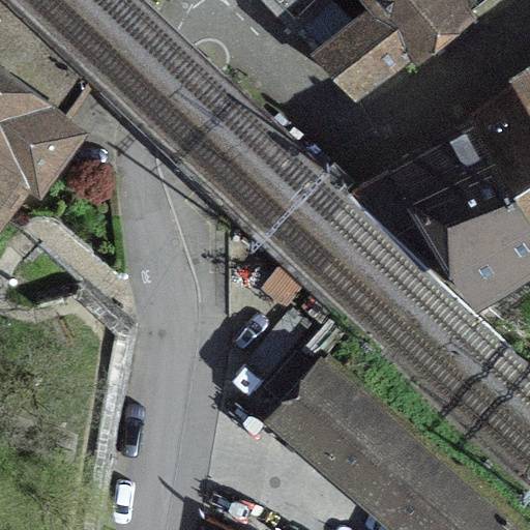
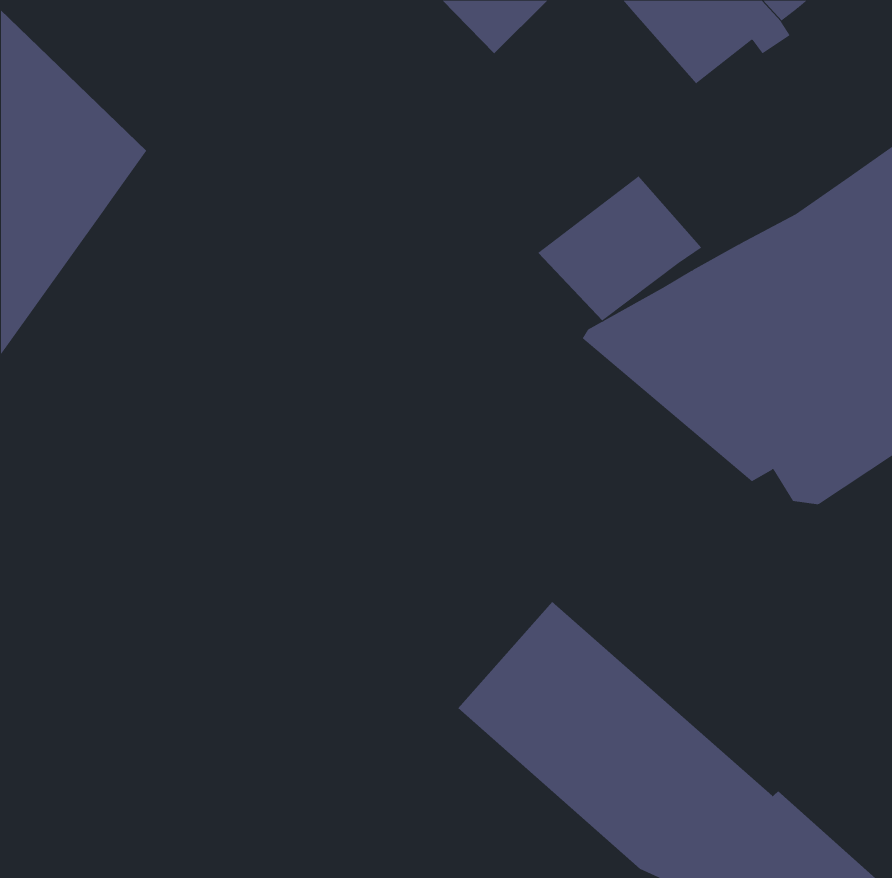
building: [316,18,413,104] -> [537,176,702,321]

